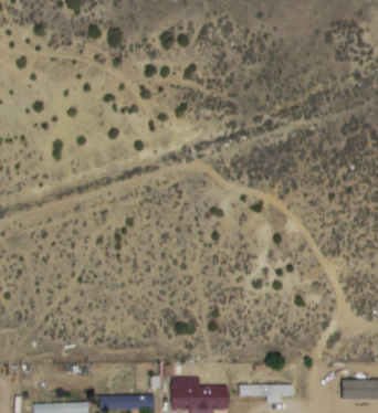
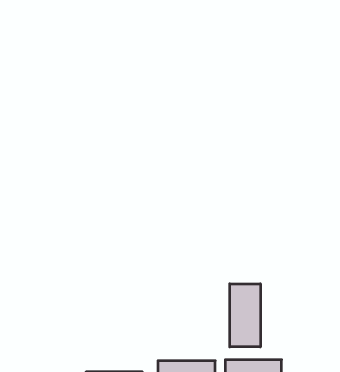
building: none -> [230,284,260,347]

